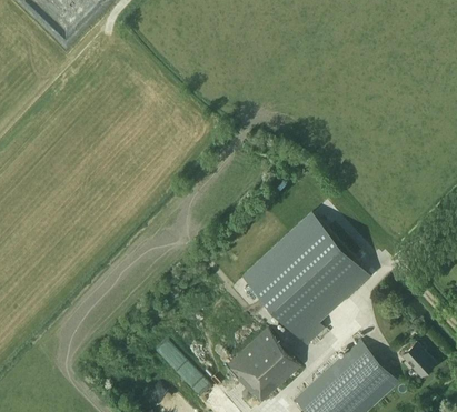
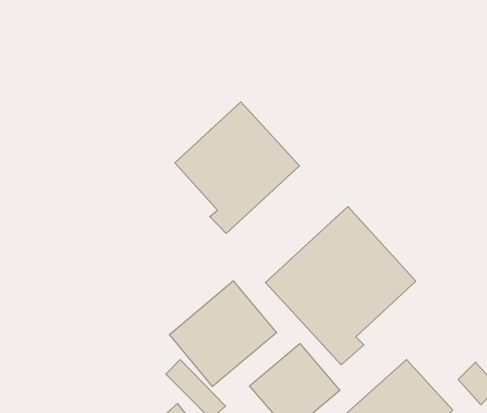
building: none -> [175,102,300,233]
building: none -> [169,281,276,387]

